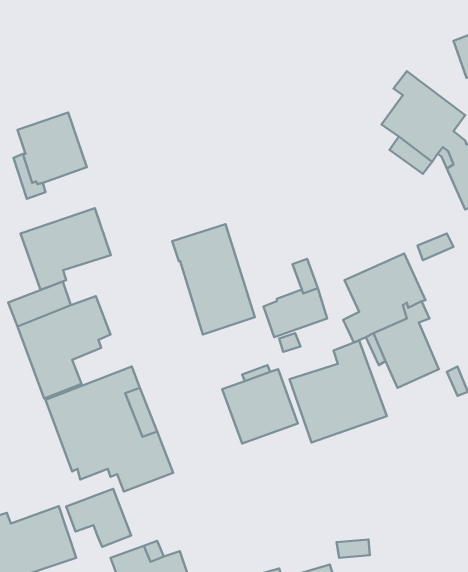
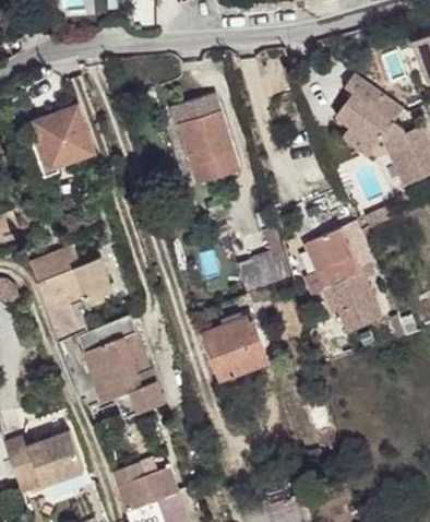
building: [20,208,111,290] -> none
building: [172,224,255,334] -> [171,93,239,183]
building: [289,340,387,443] -> none
building: [66,489,131,547] -> none

